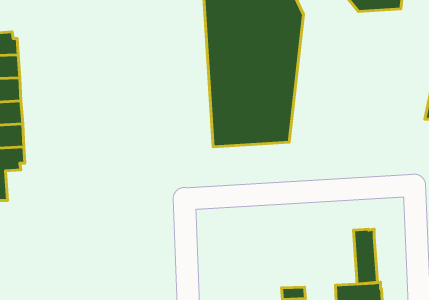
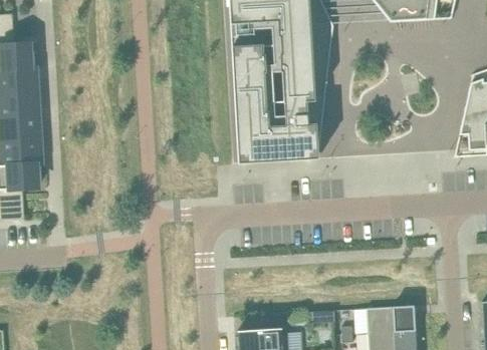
building: [354,229,378,284] -> none

